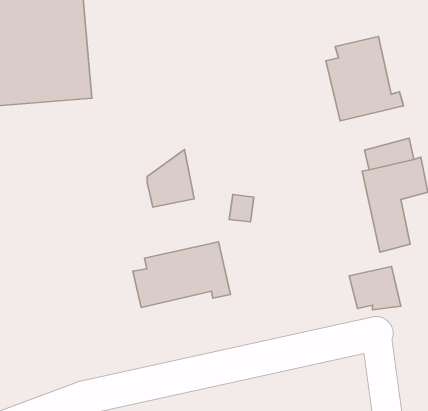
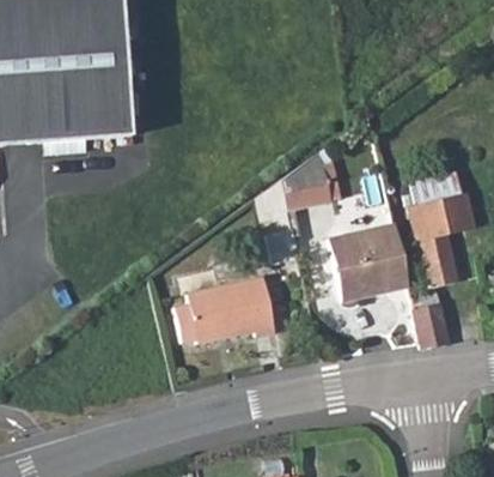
building: [326,36,403,121] -> none
building: [147,149,194,207] -> [283,151,331,210]
building: none -> [328,225,409,302]

